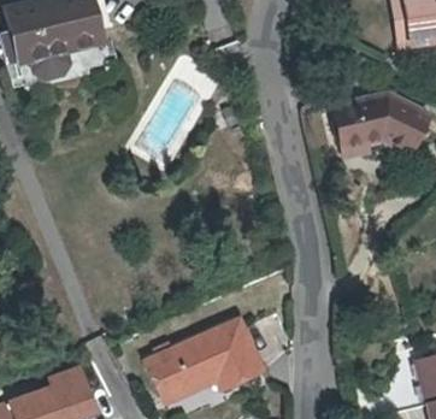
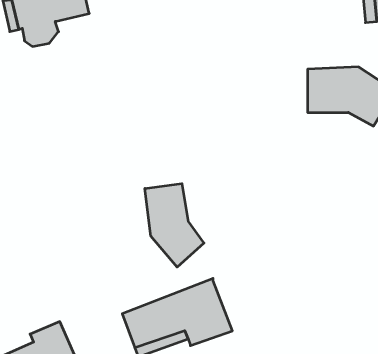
building: none -> [145,184,204,267]

